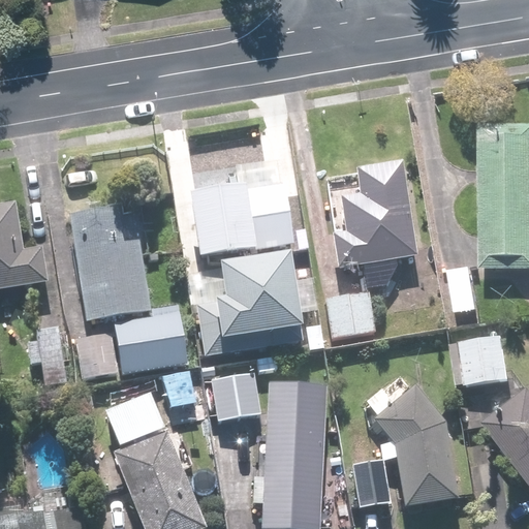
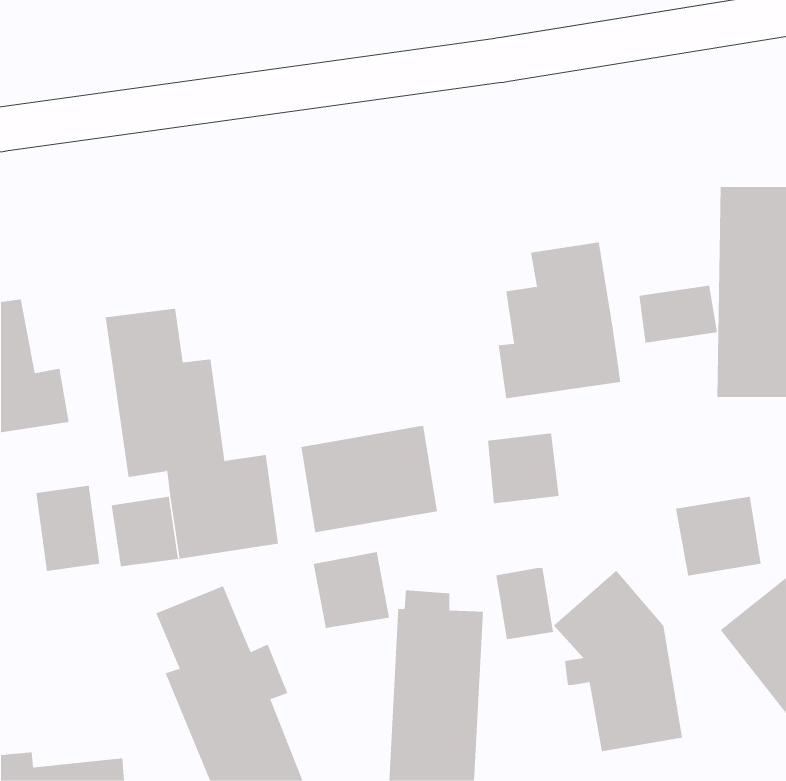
building: [189,180,294,287] -> none
building: none -> [639,285,718,343]
building: [352,460,392,508] -> [495,567,554,640]

